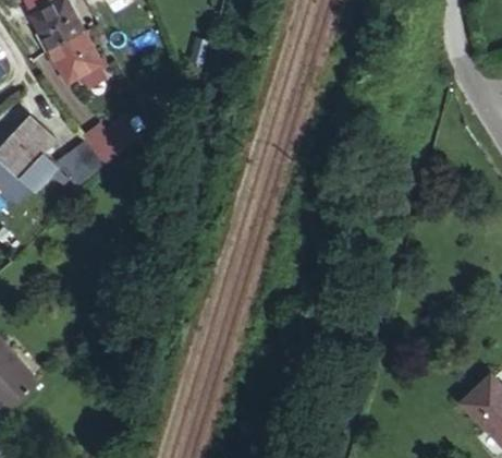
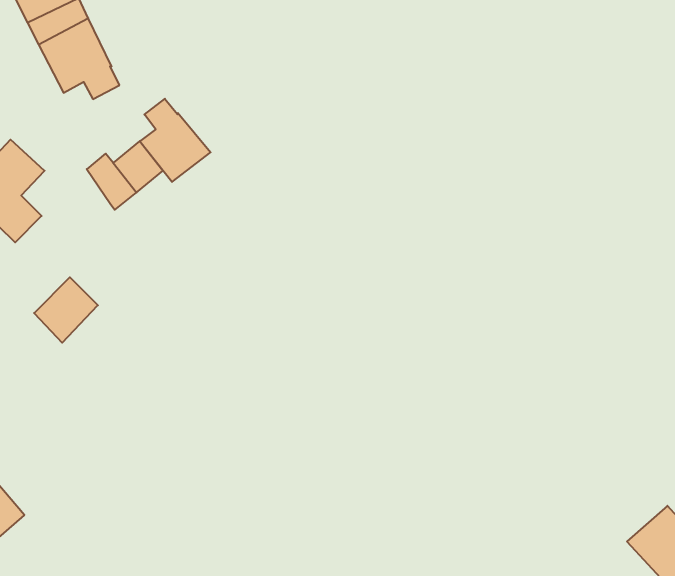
building: none -> [140,99,211,182]
building: [54,143,99,189] -> [34,277,98,343]

